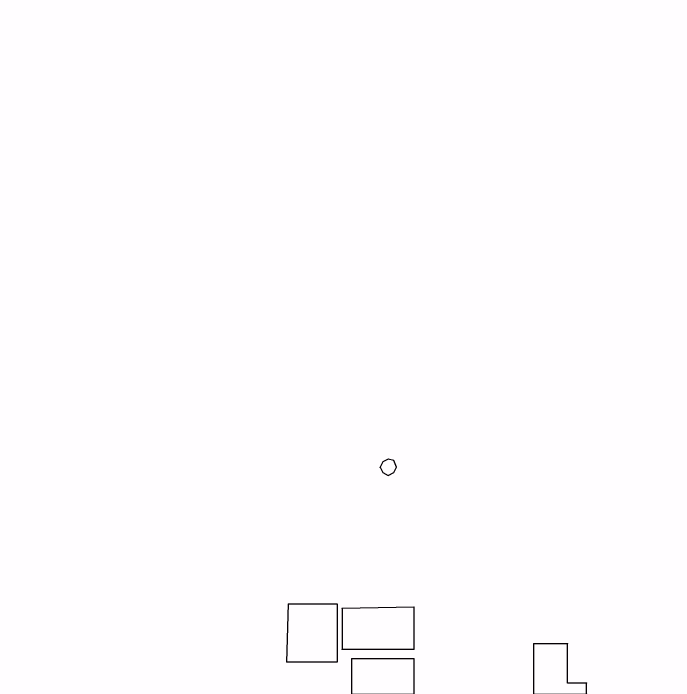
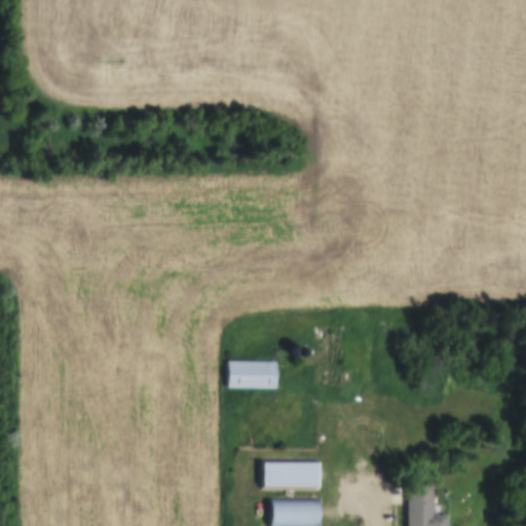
building: none -> [229,363,278,390]
building: [287,604,337,662] -> none

